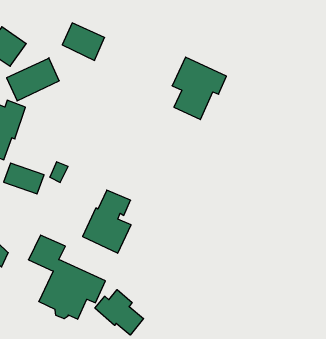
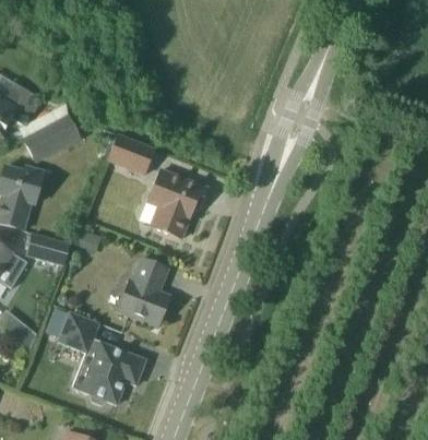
building: [62,23,105,60] -> [107,133,154,174]
building: [172,57,226,120] -> [147,168,207,237]
building: [95,290,144,335] -> none

